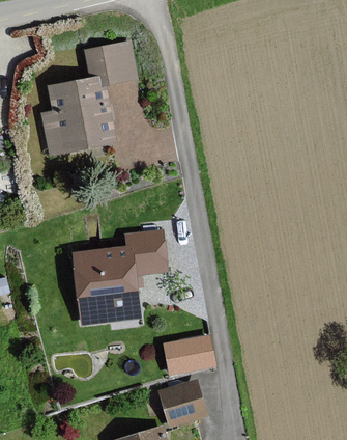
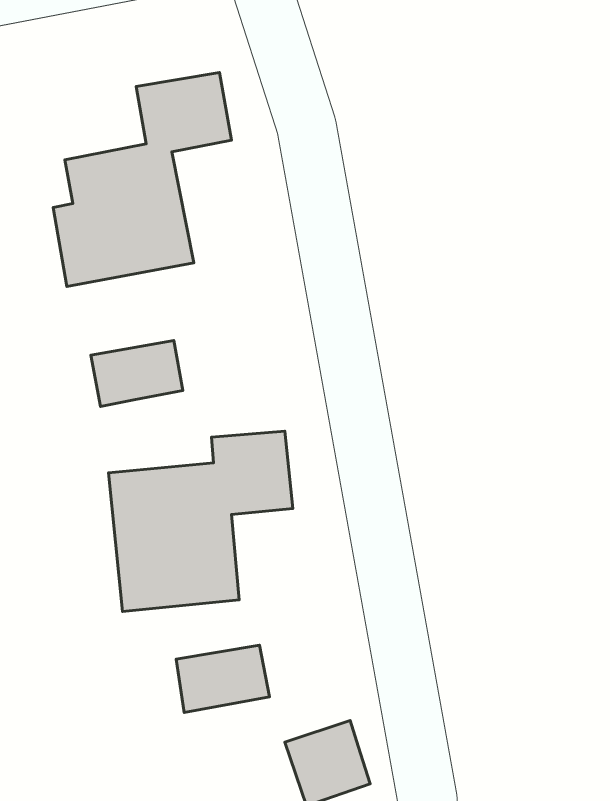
building: none -> [91,340,183,406]
building: [165,336,213,372] -> [176,645,269,713]

